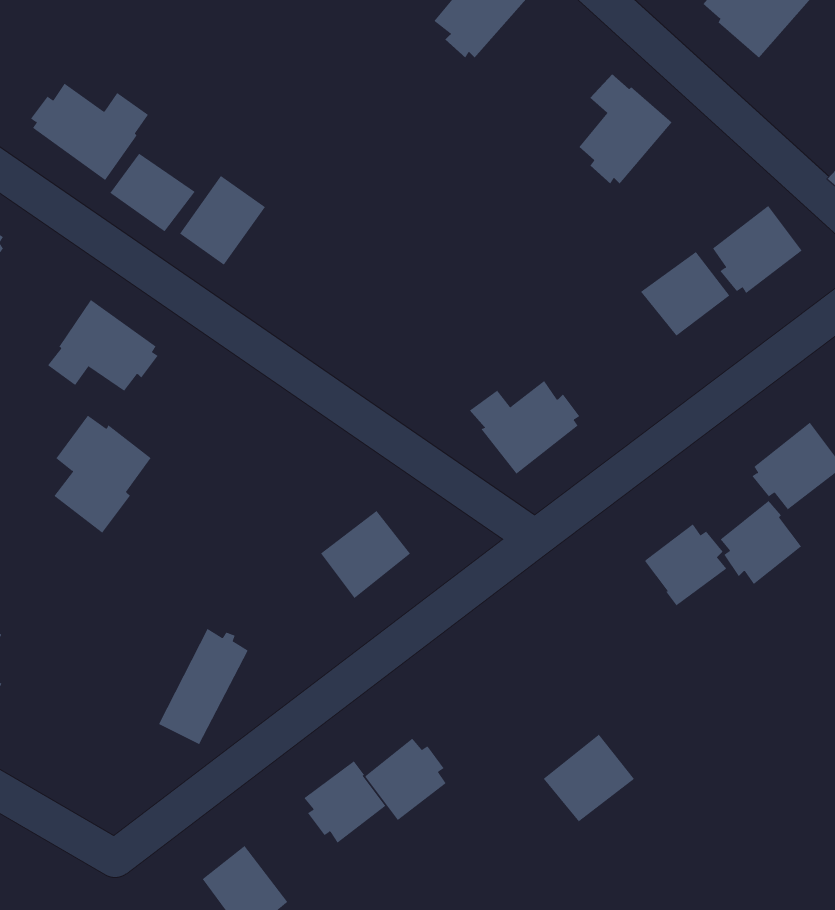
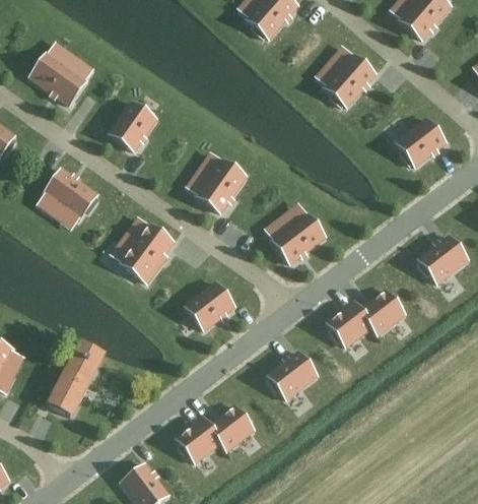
building: [110,153,196,232] -> none
building: [640,251,730,337] -> none
building: none -> [187,159,246,212]
building: [53,415,151,534] -> [120,218,173,282]
building: [720,500,803,585] -> [327,301,371,346]
building: [158,628,249,745] -> [48,353,96,416]
building: [543,734,635,822] -> [267,351,317,398]

